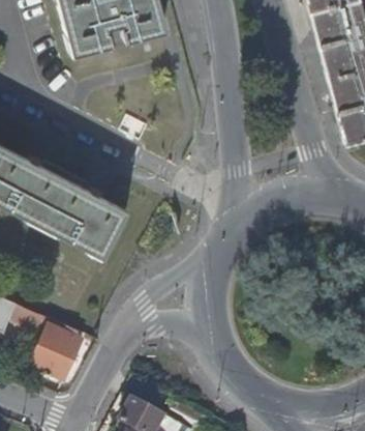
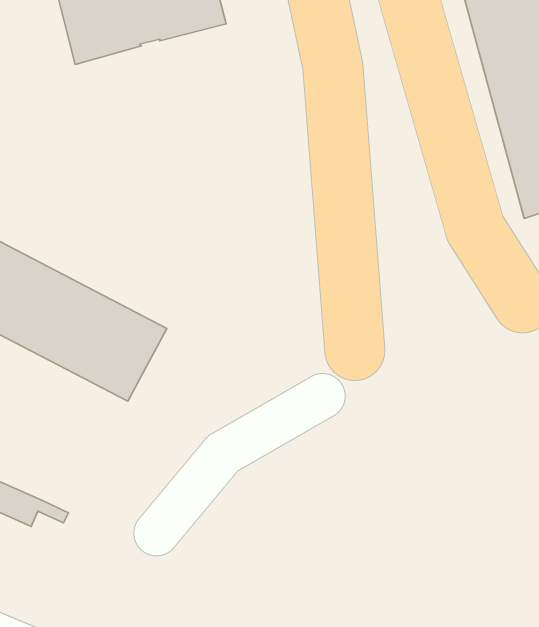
building: [31,324,82,379] -> none

